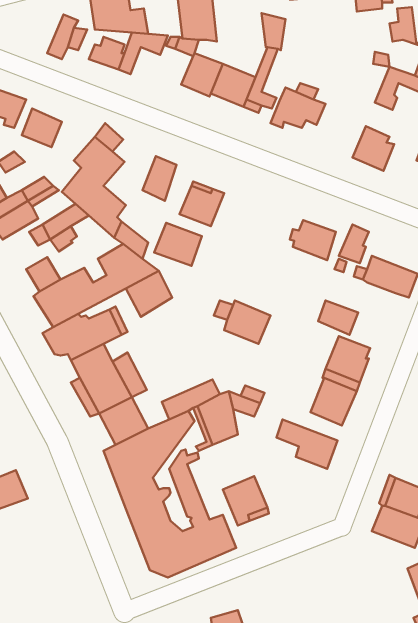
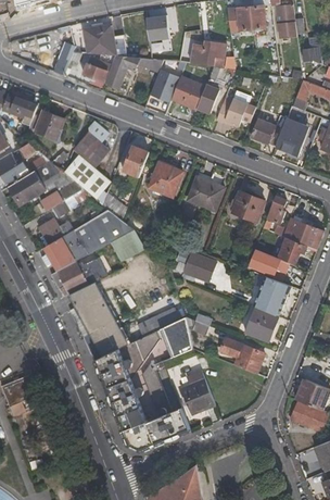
building: none -> [190,40,213,65]
building: none -> [252,115,288,146]
building: [154,223,202,266] -> [188,177,223,209]
building: none -> [278,237,307,263]

